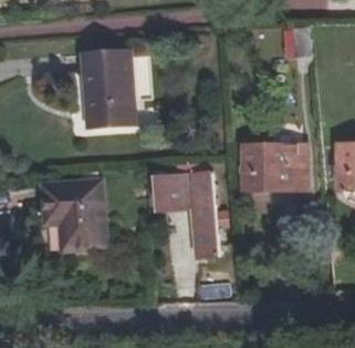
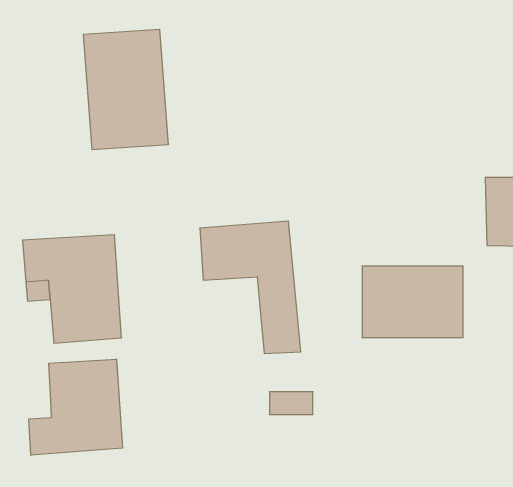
building: [242,144,306,190] -> [362,266,463,338]
building: none -> [29,359,123,455]

